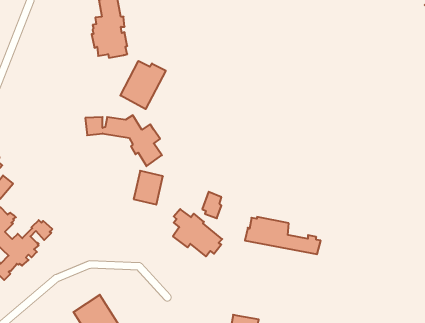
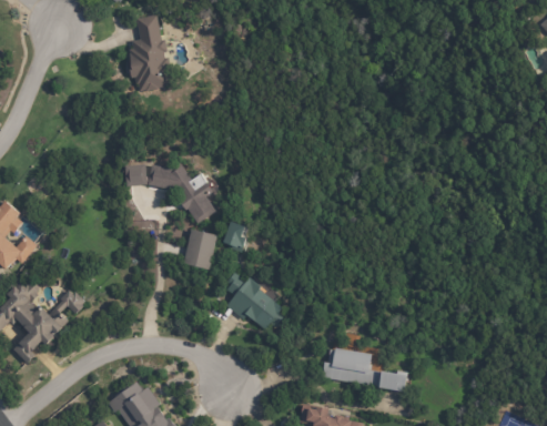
building: [120,61,166,109] -> none
building: [202,192,221,218] -> [222,219,245,251]
building: [245,217,321,254] -> [324,349,416,395]

